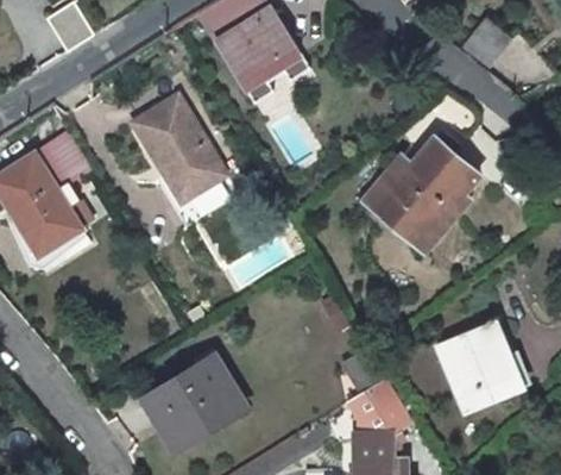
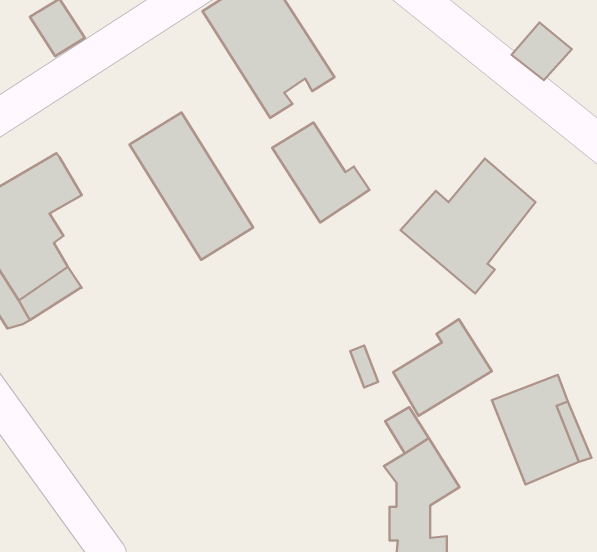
building: none -> [272,122,369,223]
building: none -> [393,319,492,416]
building: [143,355,244,440] -> none

